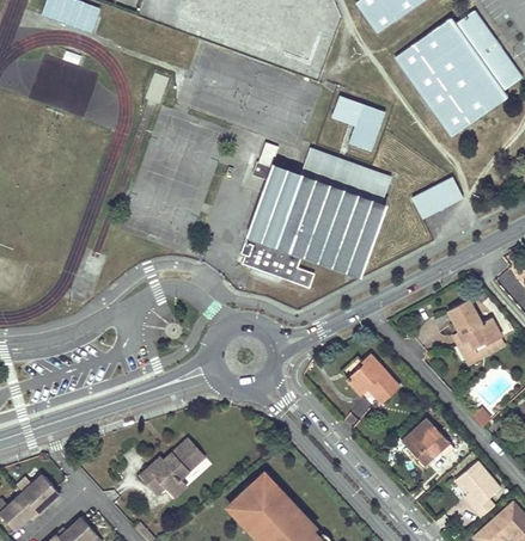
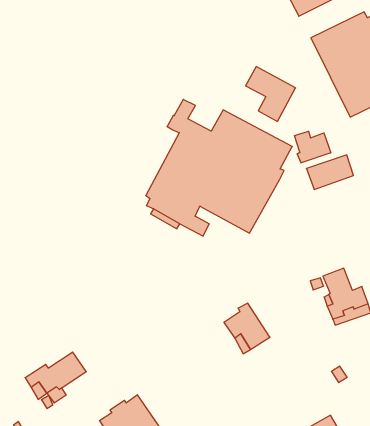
building: none -> [294,131,331,163]
building: [401,417,448,465] -> none

